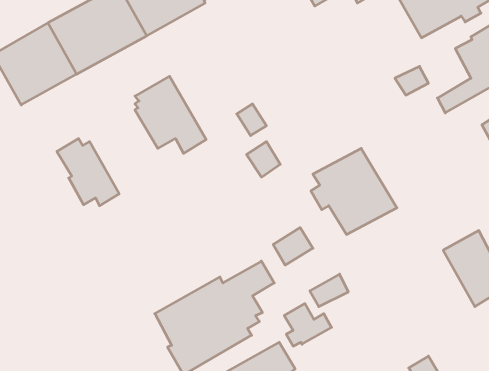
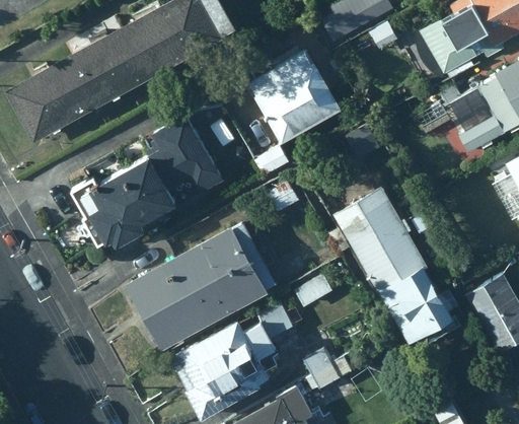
building: none -> [247,49,340,144]
building: none -> [102,149,179,235]
building: none -> [125,221,277,350]
building: none -> [366,250,457,353]

